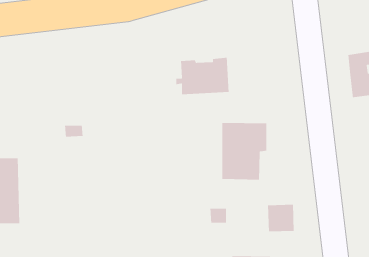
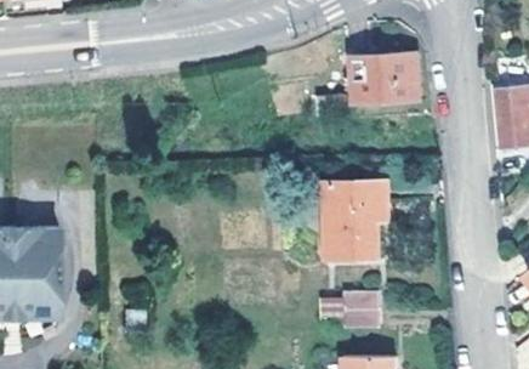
building: [176,57,229,95] -> [346,51,417,102]
building: [267,204,295,232] -> [341,290,377,328]

